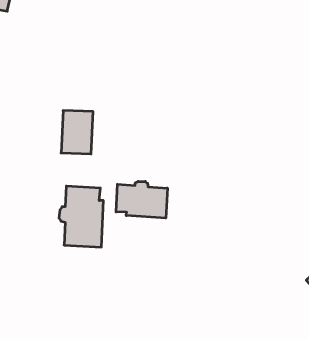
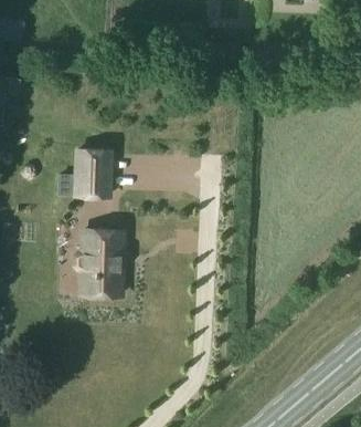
building: [116,181,167,218] -> none

